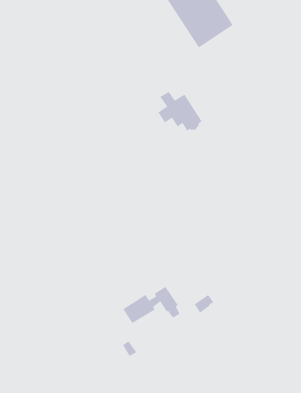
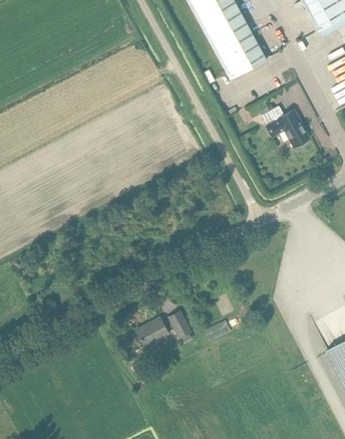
building: [158,91,202,132] -> [266,105,309,147]

